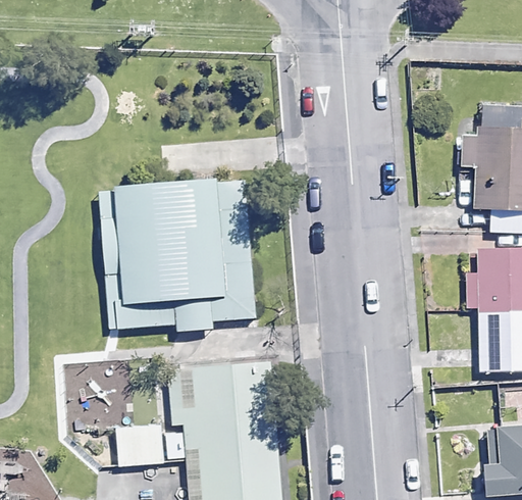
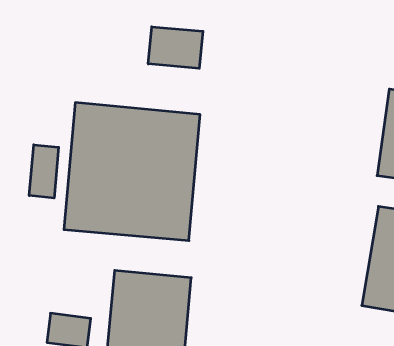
building: none -> [148,27,203,68]
building: none -> [29,145,59,198]

